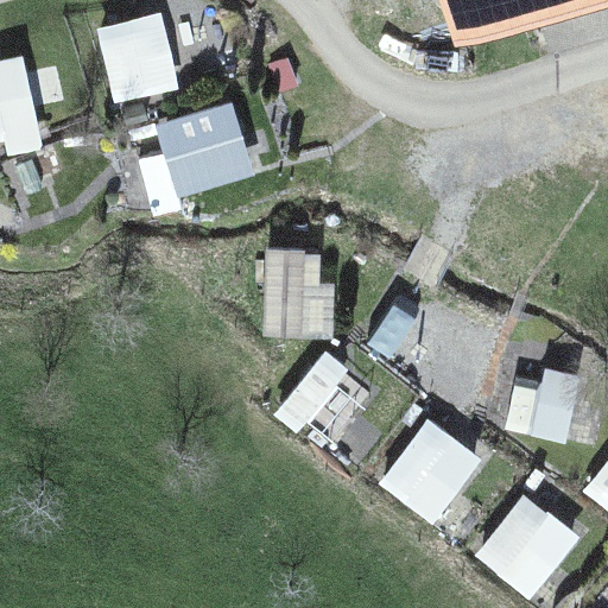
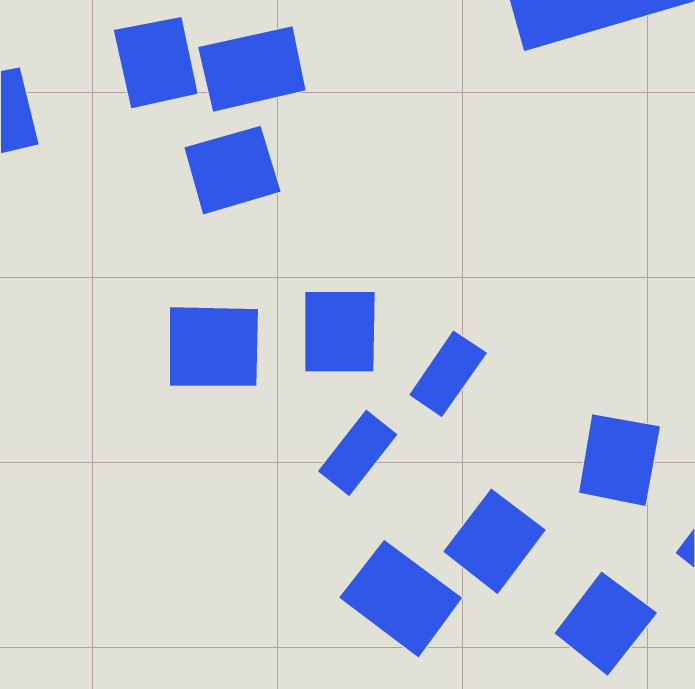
building: none -> [197,26,306,112]
building: none -> [170,306,259,387]
building: none -> [338,539,463,659]

